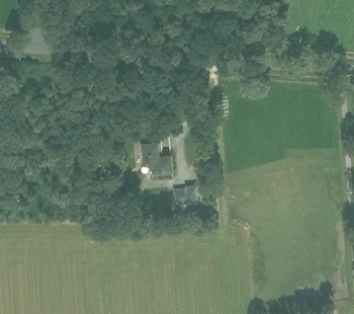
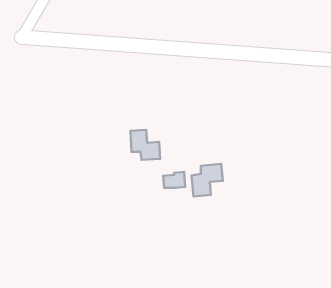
building: none -> [191,164,223,196]

